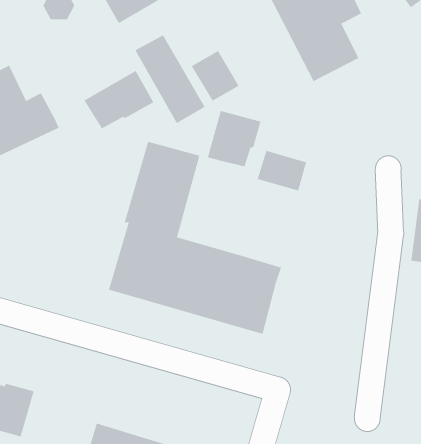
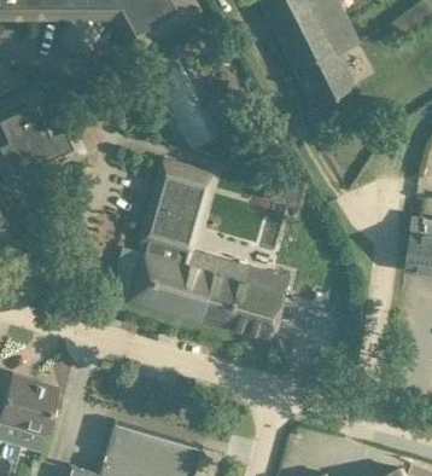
building: [84,70,154,129] -> none
building: [207,110,261,167] -> none

